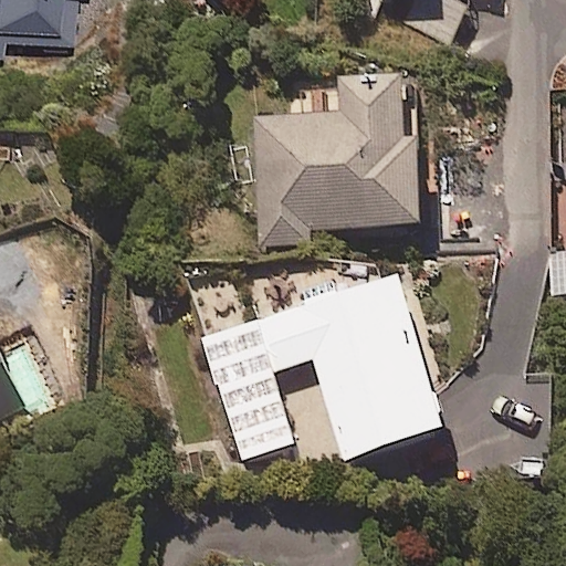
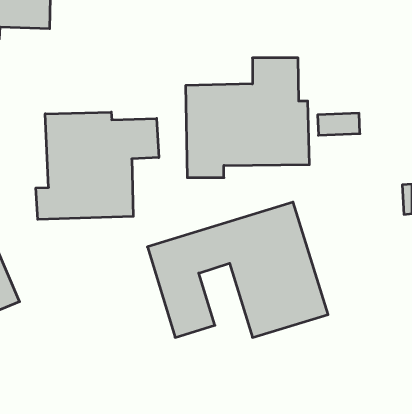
building: none -> [36,112,159,219]

